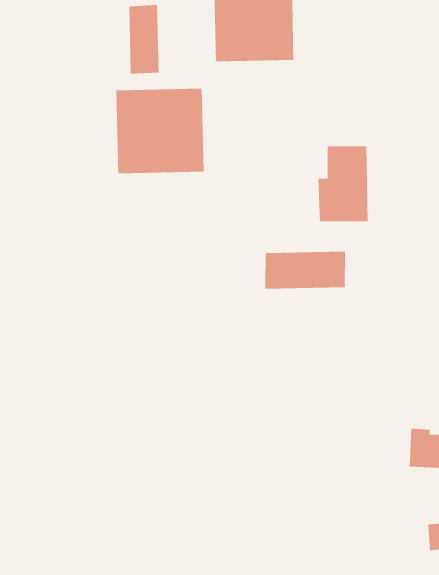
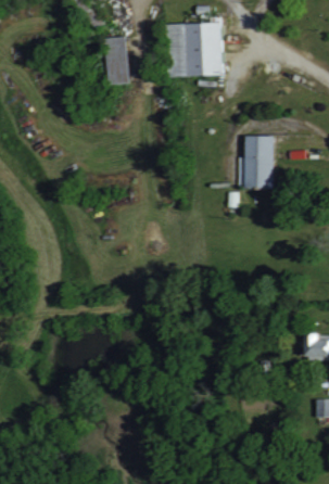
building: [116,88,204,174] -> none
building: [265,251,345,289] -> none

